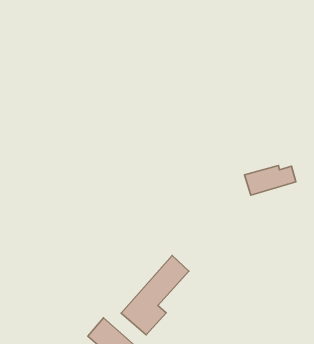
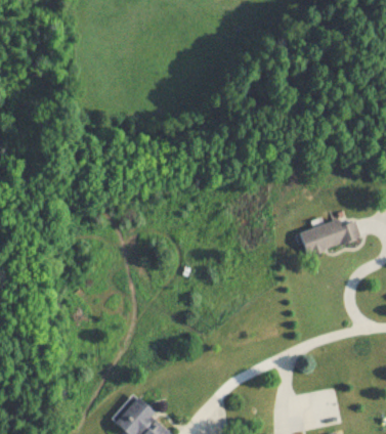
building: [121,256,189,335] -> none

